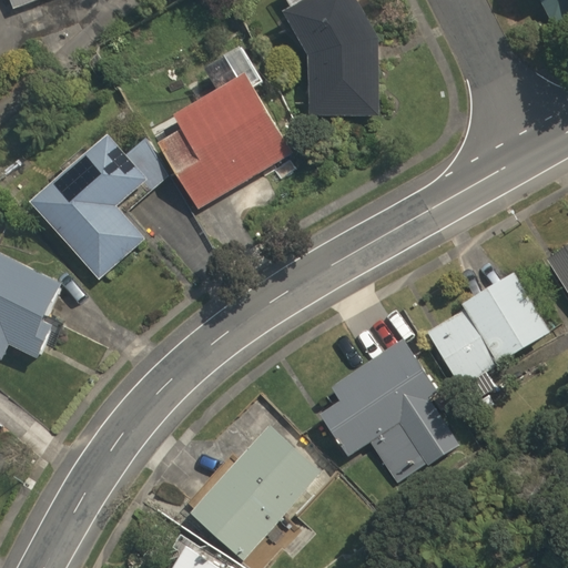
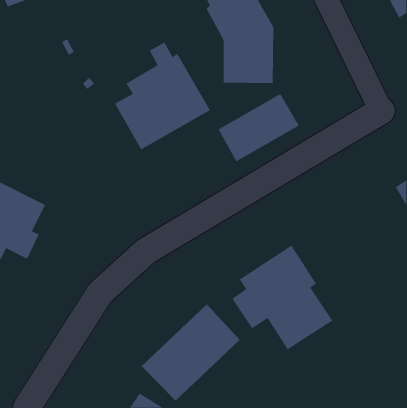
building: none -> [218,93,300,162]
building: [32,136,165,278] -> none
building: [426,274,548,399] -> none

